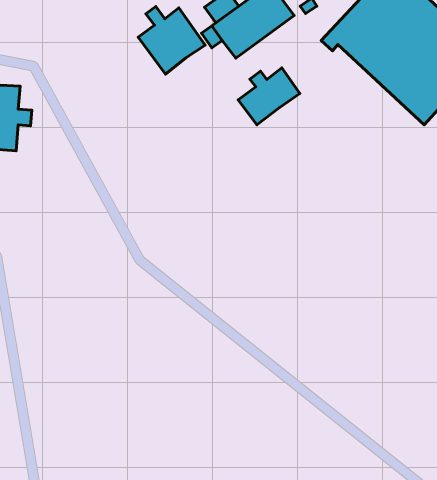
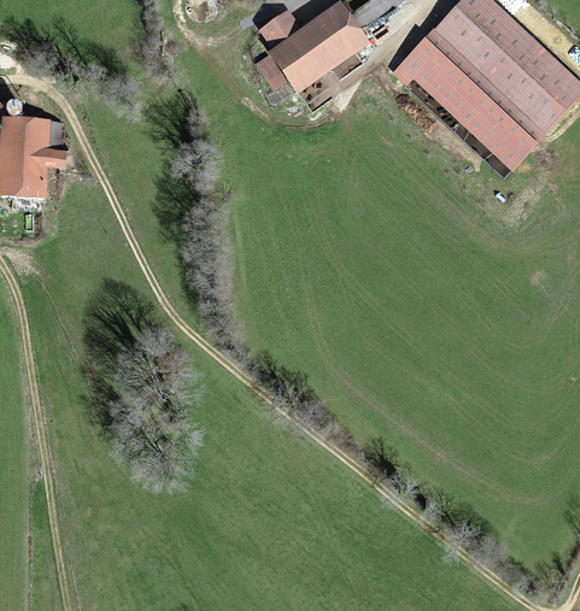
building: [138,7,205,74] -> none
building: [238,68,300,125] -> none

